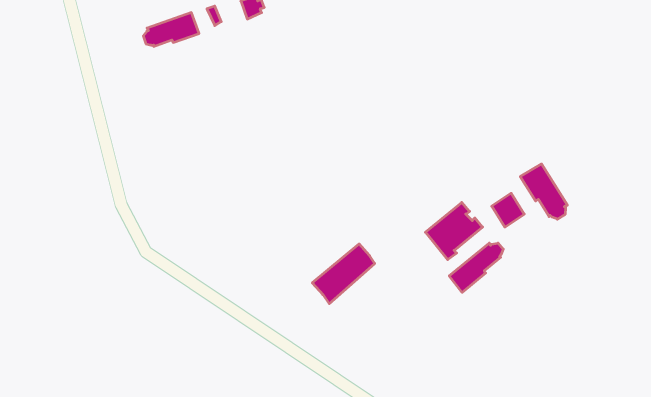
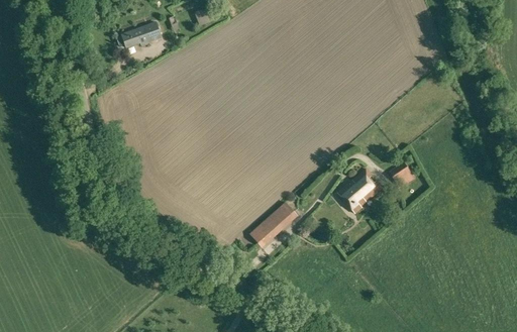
building: [520,164,567,219] -> none
building: [449,243,503,292] -> none

